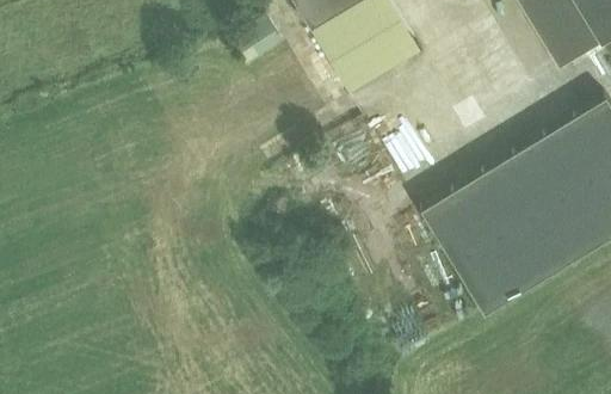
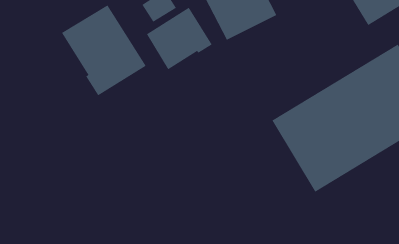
building: none -> [61,4,146,96]
building: none -> [146,7,212,70]

